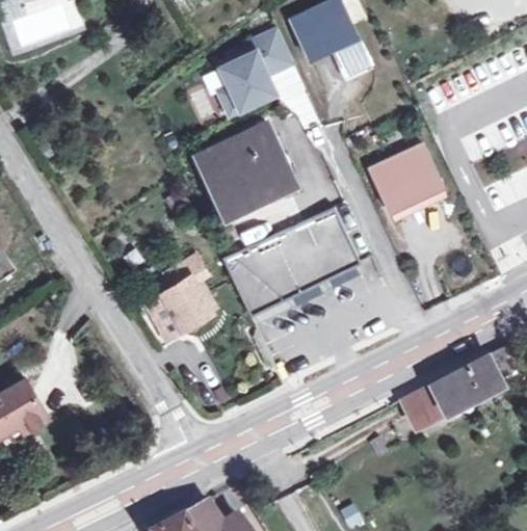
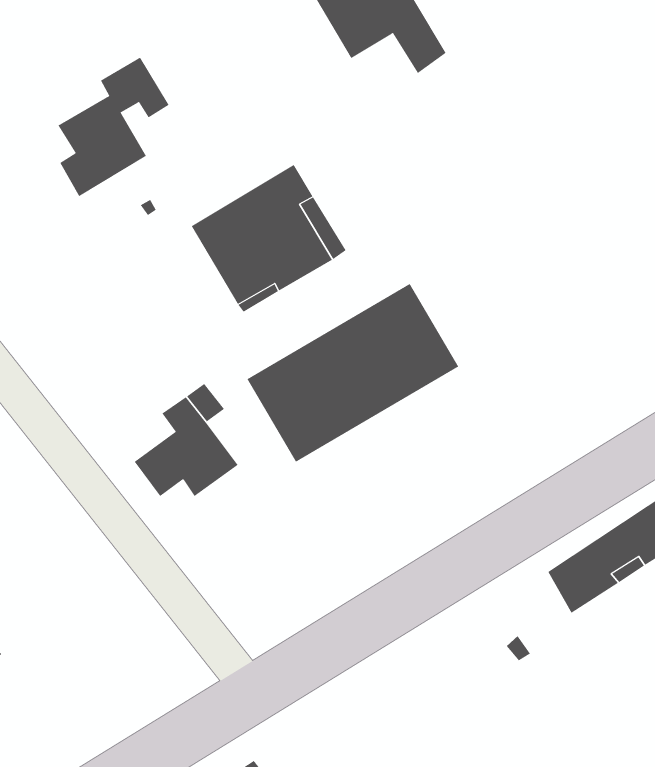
building: [219,30,293,115] -> [57,57,170,197]
building: [372,148,440,211] -> none

